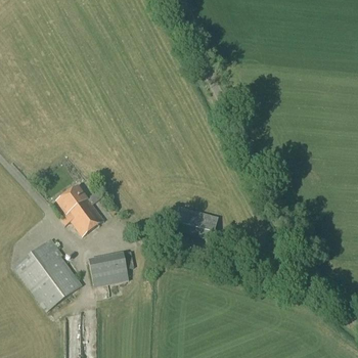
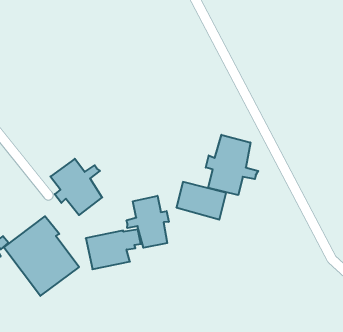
building: none -> [206,135,258,195]
building: none -> [127,196,169,248]

